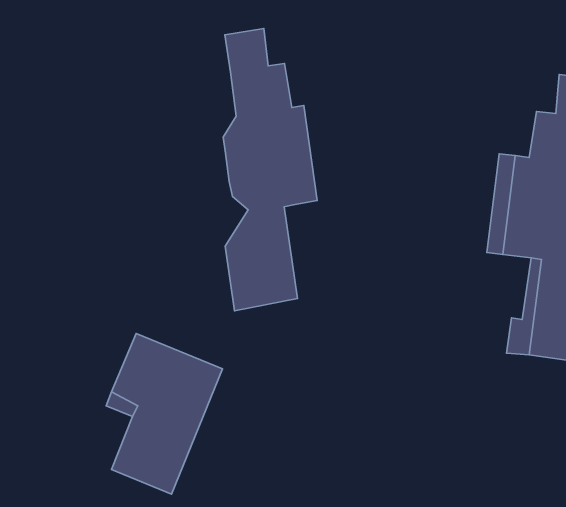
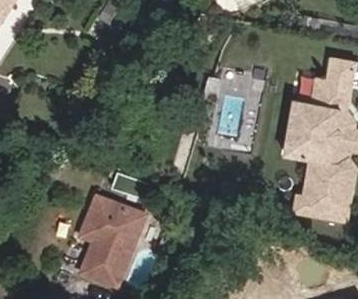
building: [223,28,317,311] -> none

